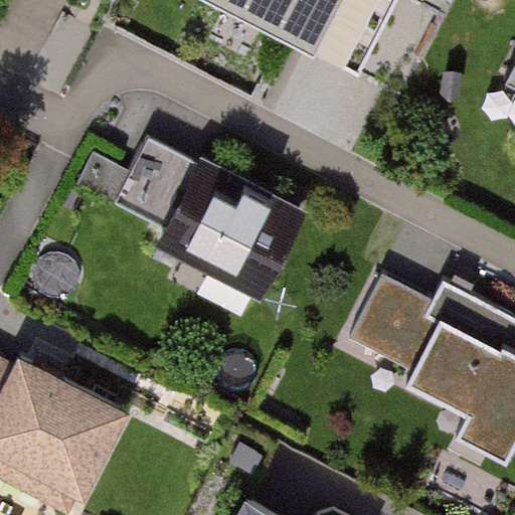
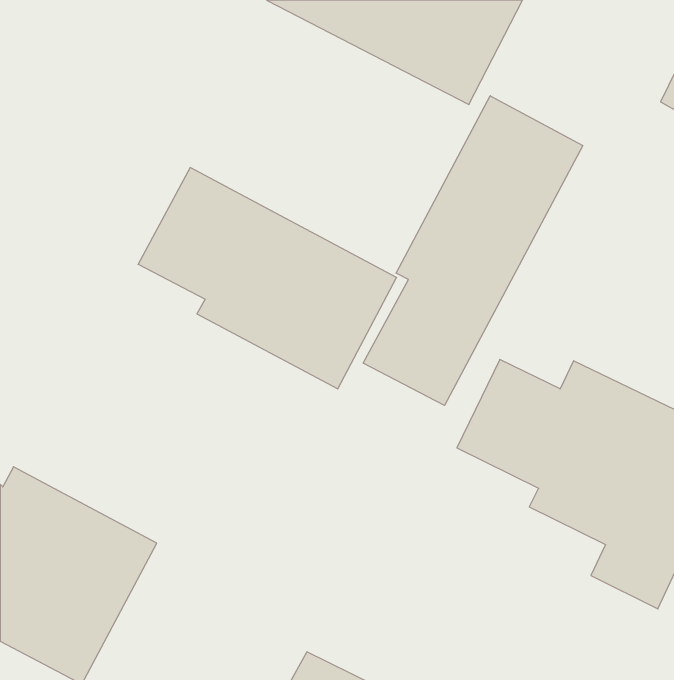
building: none -> [363,96,583,405]

